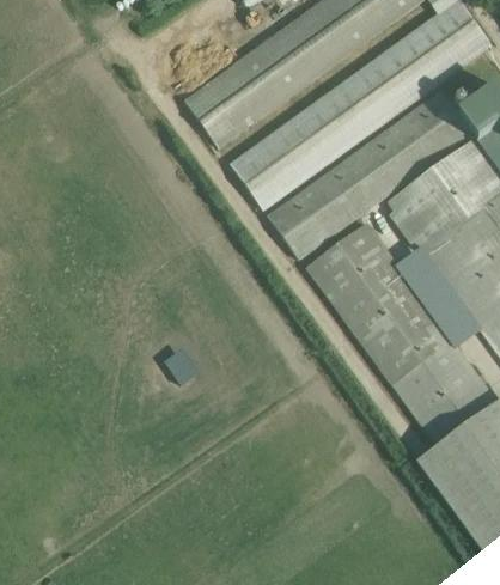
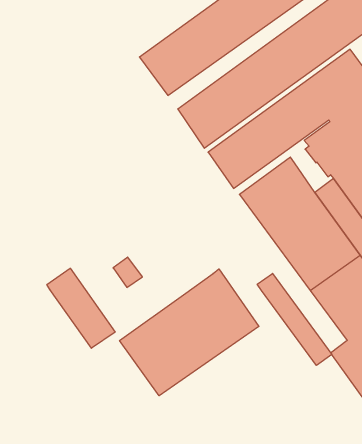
building: none -> [47,268,115,348]
building: none -> [120,269,259,396]
building: none -> [257,273,332,365]

